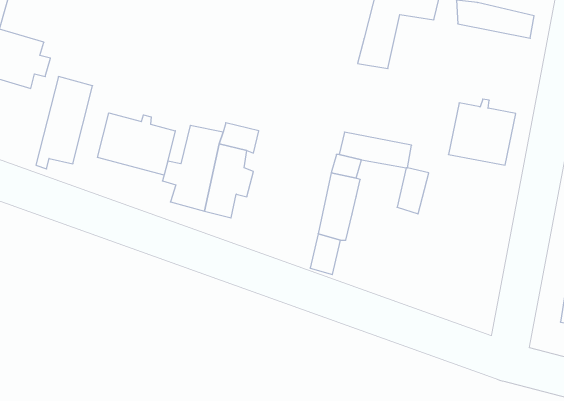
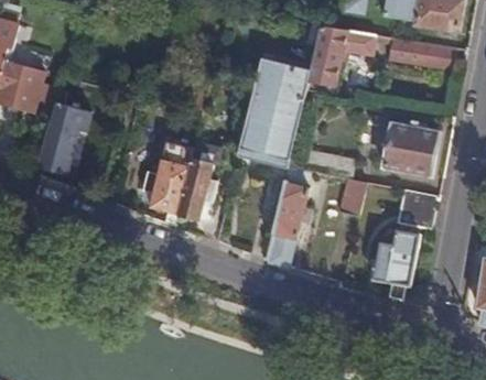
building: none -> [238,56,311,161]
building: [98,113,175,175] -> none
building: none -> [397,189,436,228]
building: none -> [372,229,418,301]

